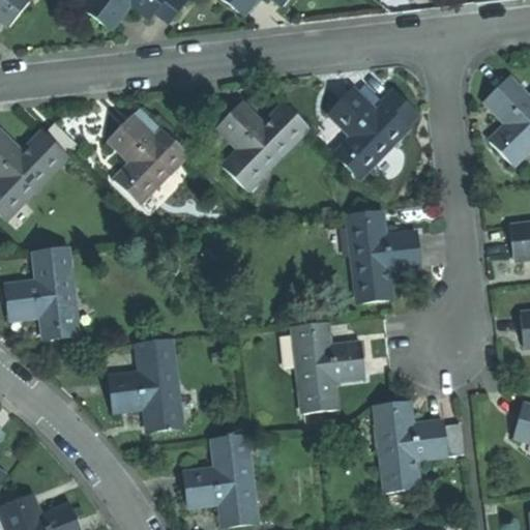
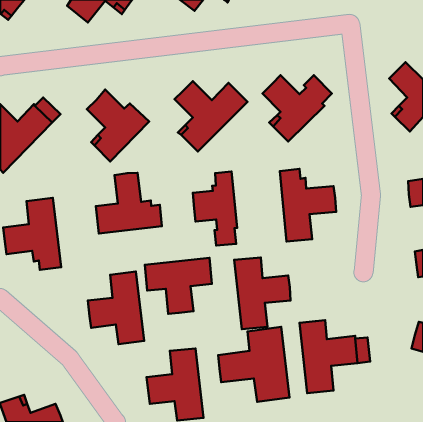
building: none -> [193,172,237,246]
building: none -> [96,173,162,234]
building: none -> [145,258,212,314]
building: none -> [218,327,289,402]

